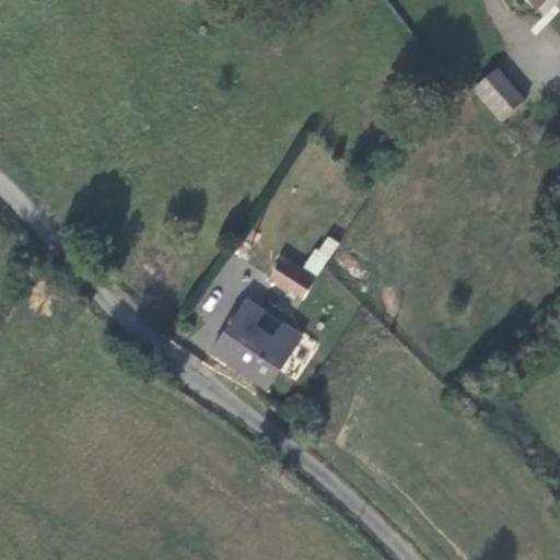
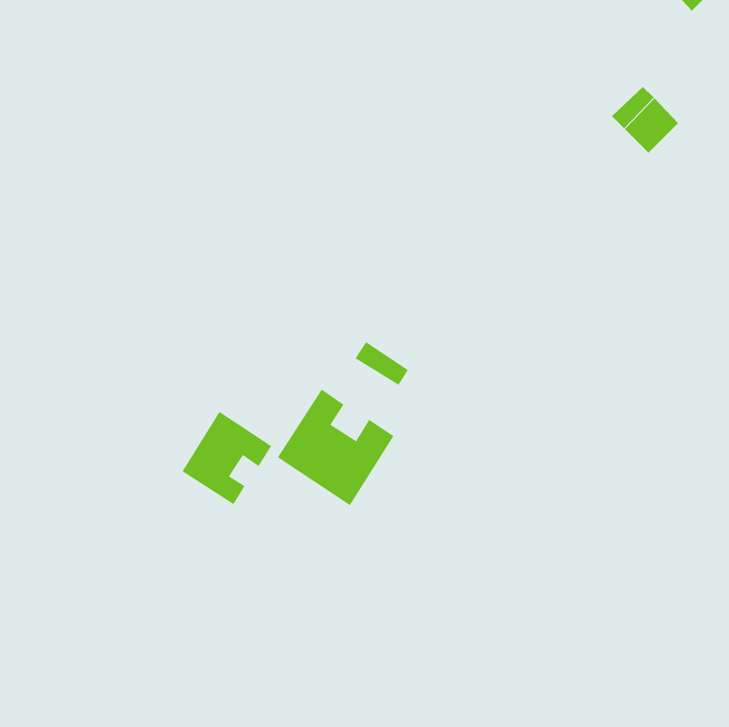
building: none -> [181,411,272,505]

